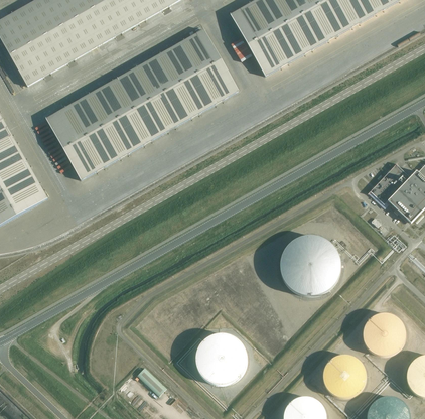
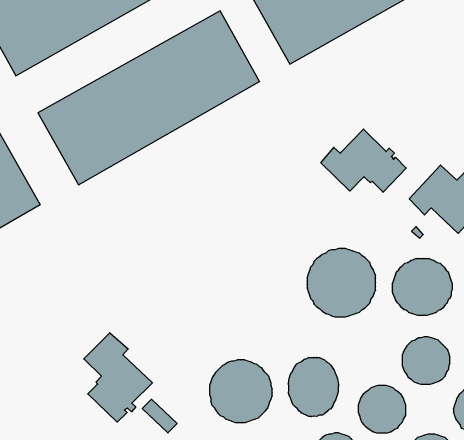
building: none -> [321,129,406,192]
building: none -> [393,258,452,315]
building: none -> [84,333,152,422]
building: none -> [289,357,338,417]

